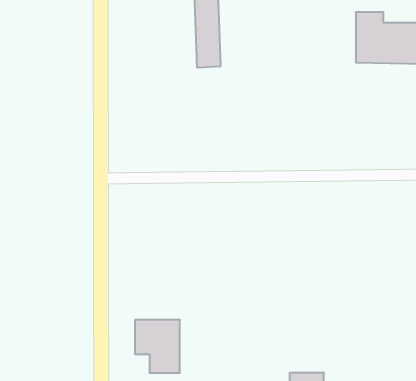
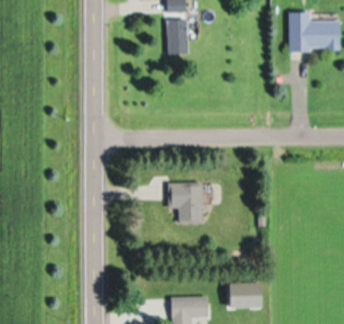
building: [135,320,180,373] -> [168,183,203,223]

